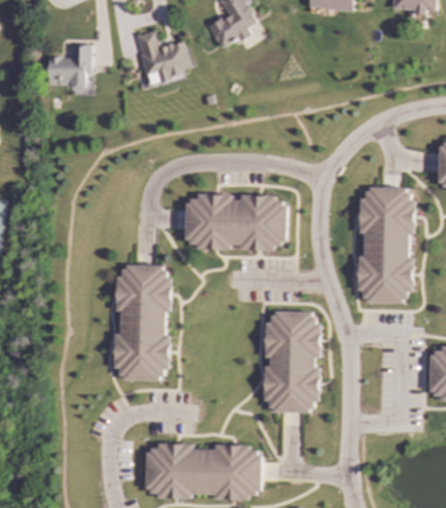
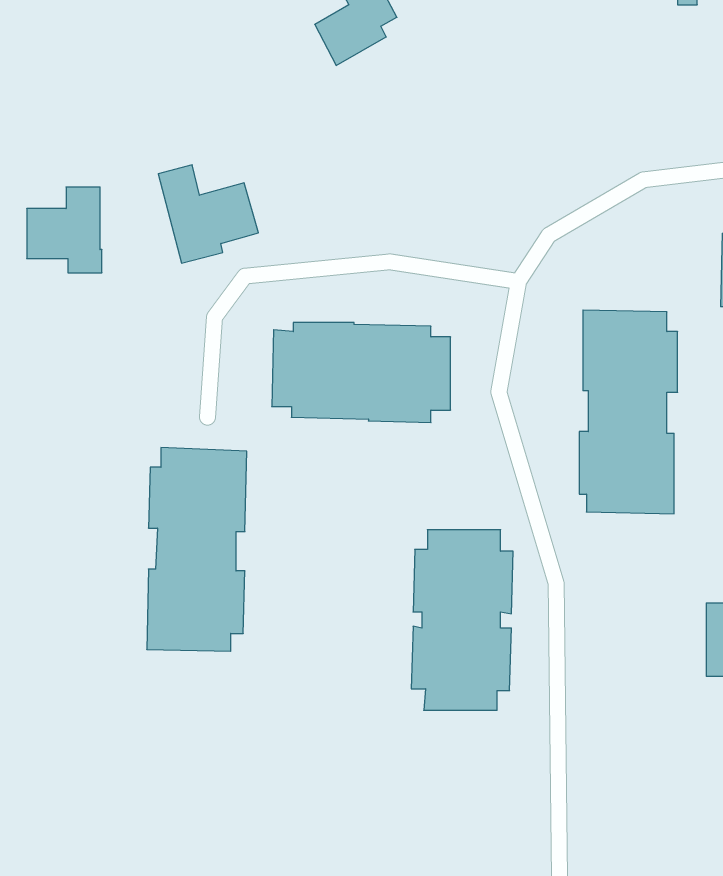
building: [135,30,191,86] -> [158,165,258,263]
building: [48,44,91,93] -> [27,187,102,273]
building: [145,445,260,500] -> none

